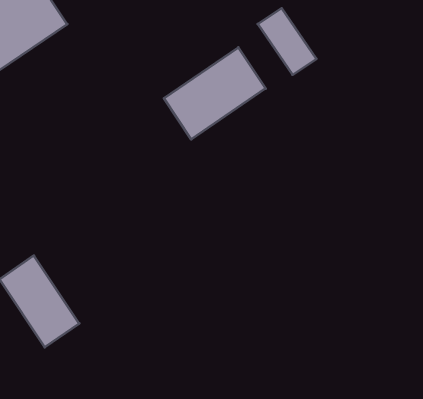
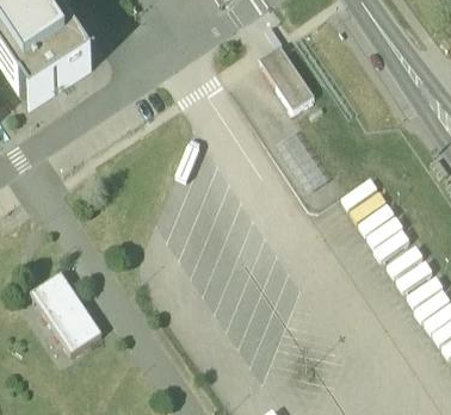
building: [164,47,266,139] -> none

